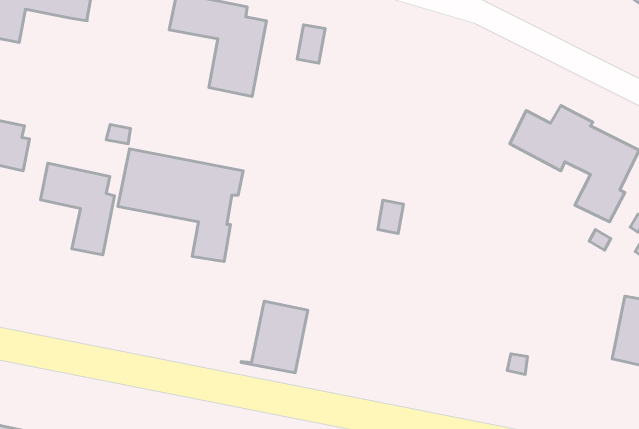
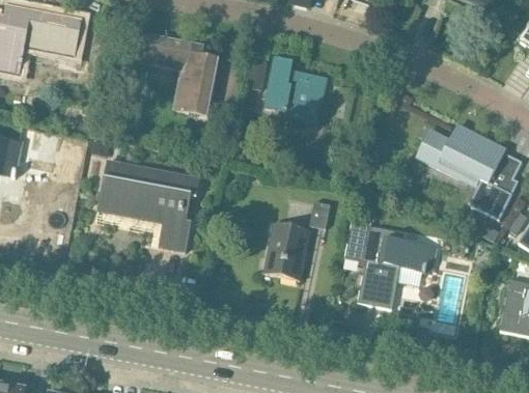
building: none -> [263,57,327,123]
building: [41,163,115,255] -> none
building: none -> [344,198,430,309]
building: [241,301,308,373] -> [255,222,309,280]

